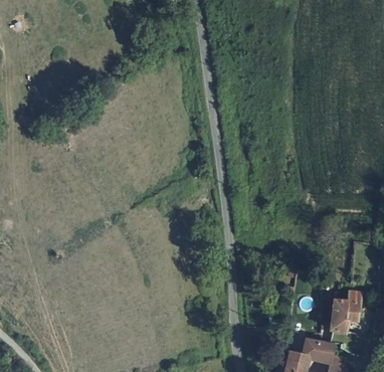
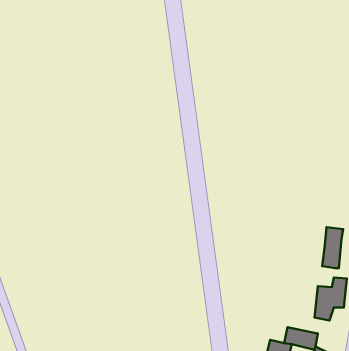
building: none -> [322,227,343,268]

